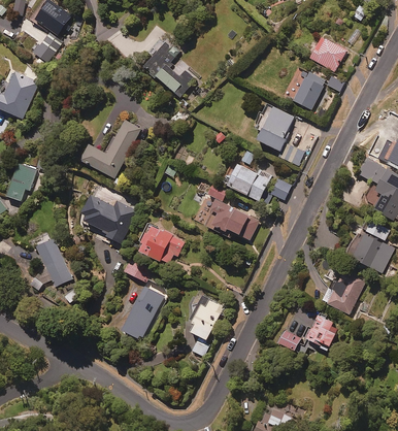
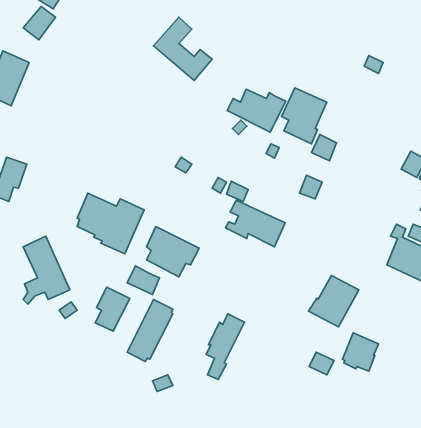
building: [310,37,346,71] -> none
building: [293,71,326,109] -> none
building: [81,120,140,178] -> none
building: [223,165,273,202] -> [227,89,286,132]
building: [323,269,366,313] -> [309,275,359,327]
building: none -> [95,287,130,331]

